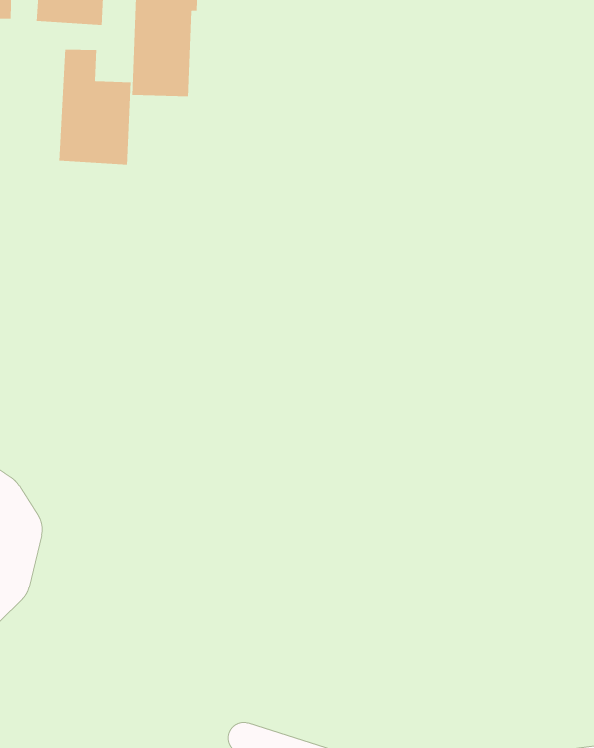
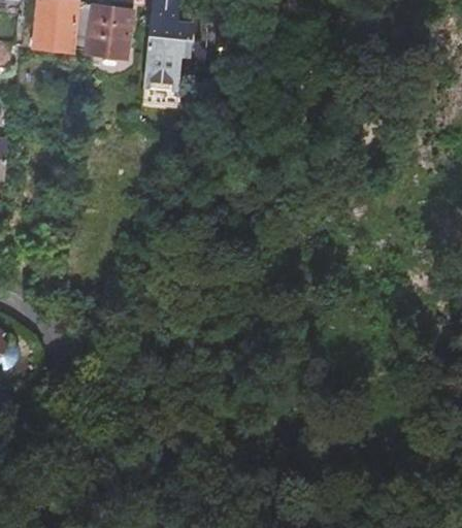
building: [58,49,131,166] -> none

